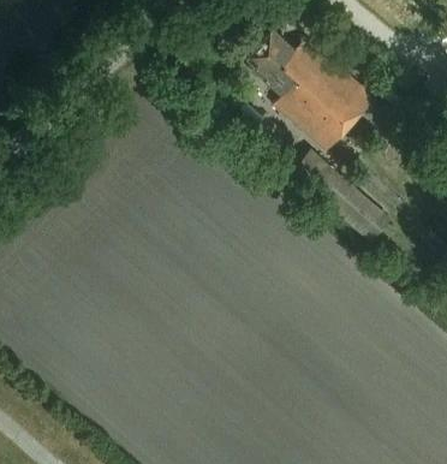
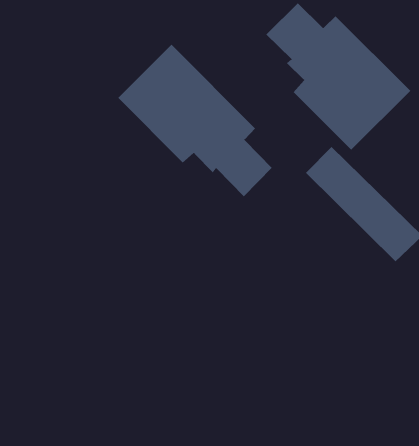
building: none -> [118,44,273,197]

